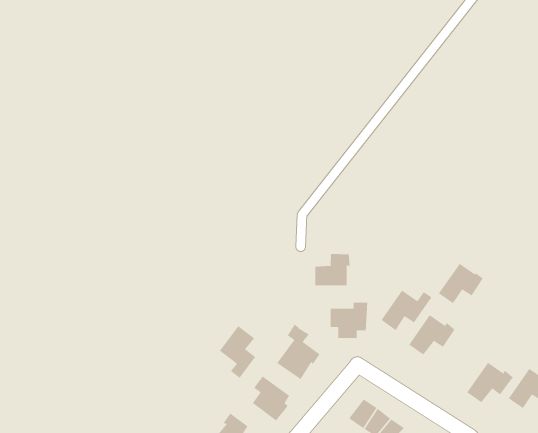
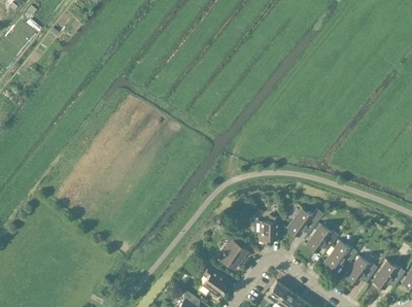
building: [314,253,351,286] -> none
building: [438,263,484,304] -> [325,241,356,269]
building: [219,325,256,379] -> none

